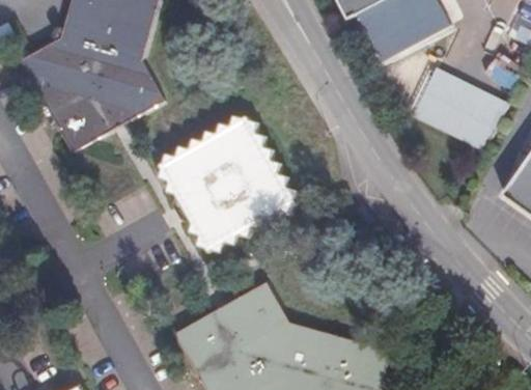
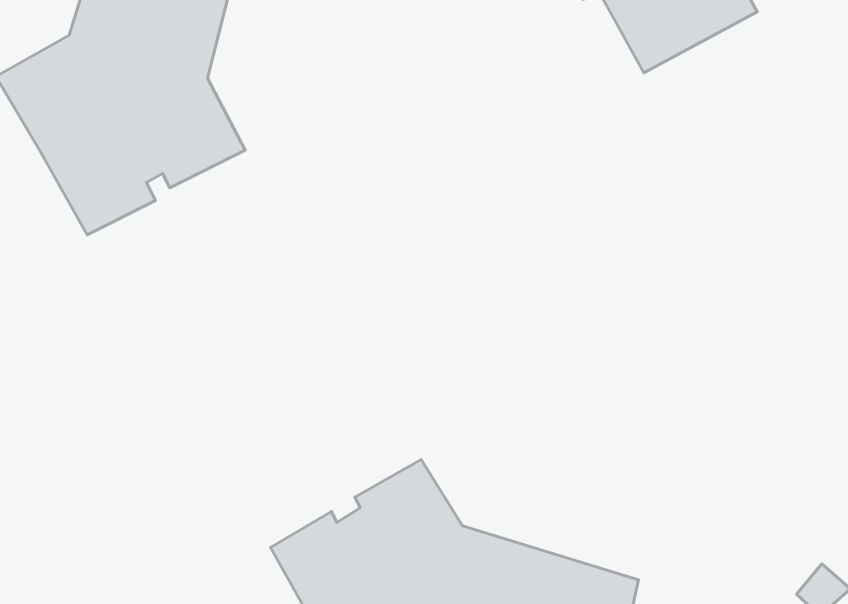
building: [410,66,505,150] -> none
building: [157,117,294,254] -> none

